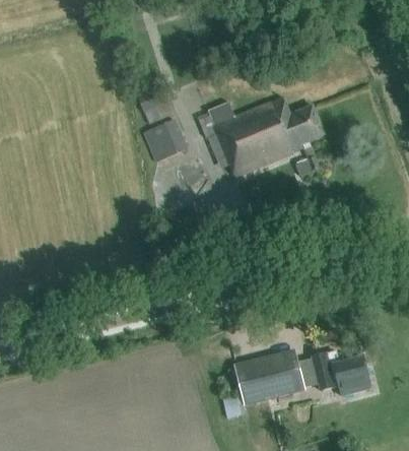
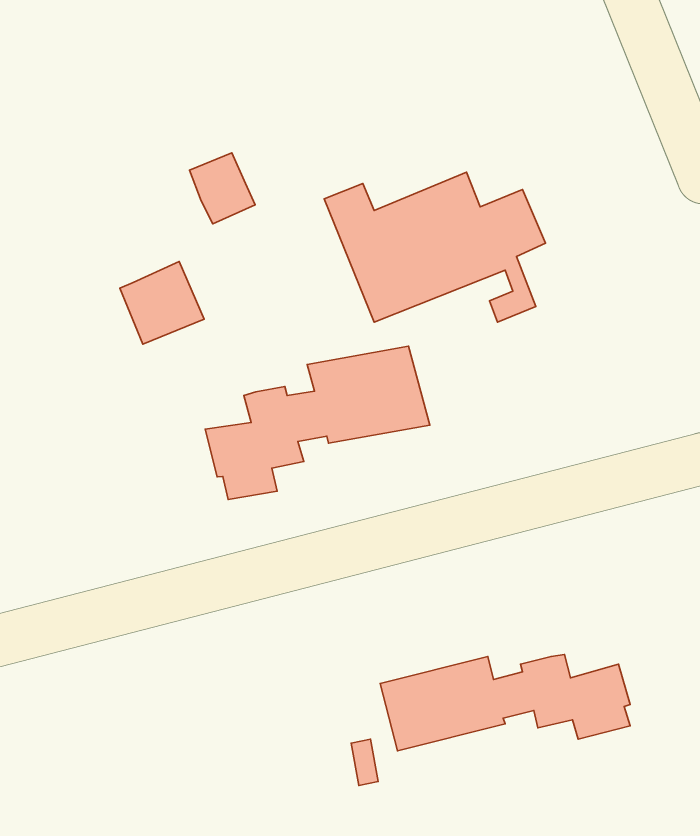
building: [143,118,188,162] -> [120,261,204,344]
building: none -> [205,346,430,499]

